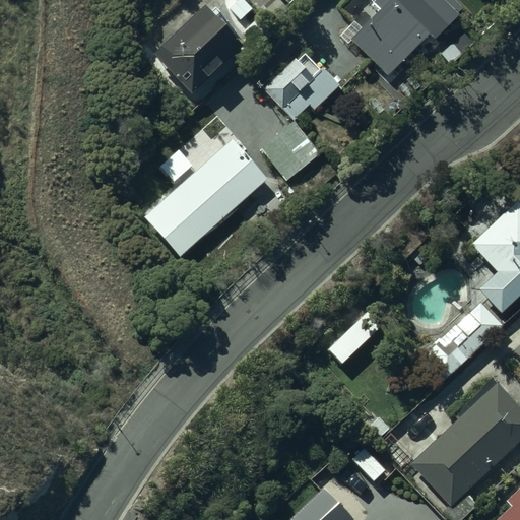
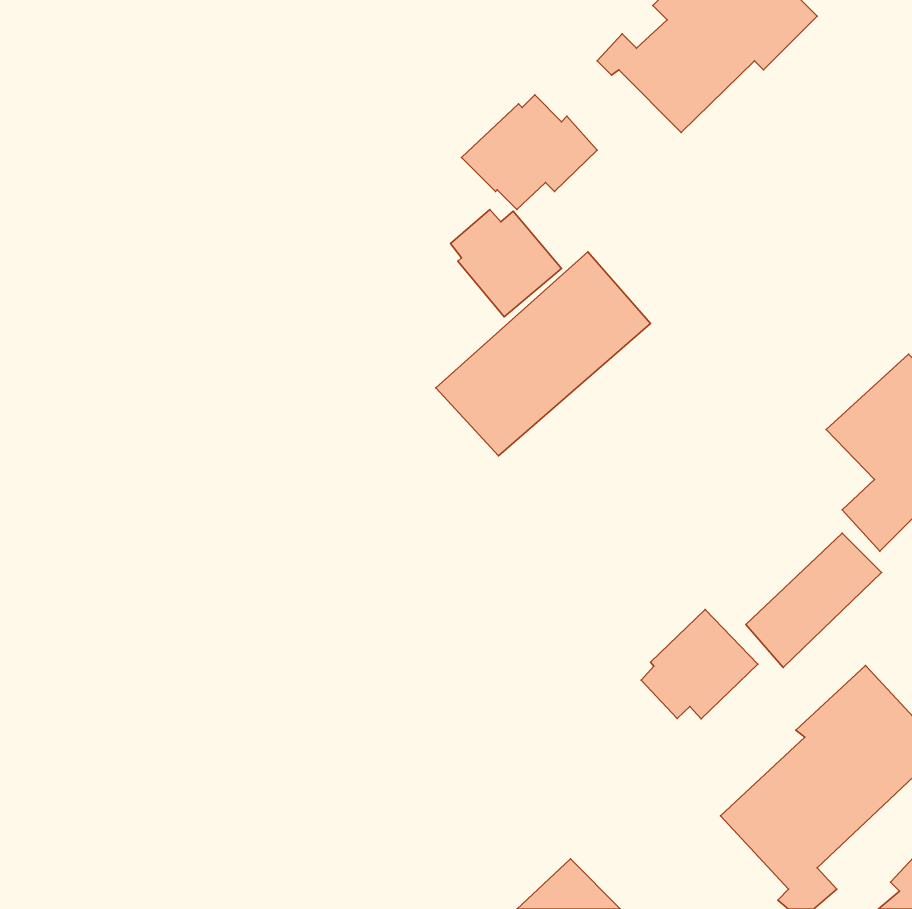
building: [153,7,249,95] -> none
building: [145,139,267,255] -> [436,252,650,456]
building: none -> [641,609,758,719]

